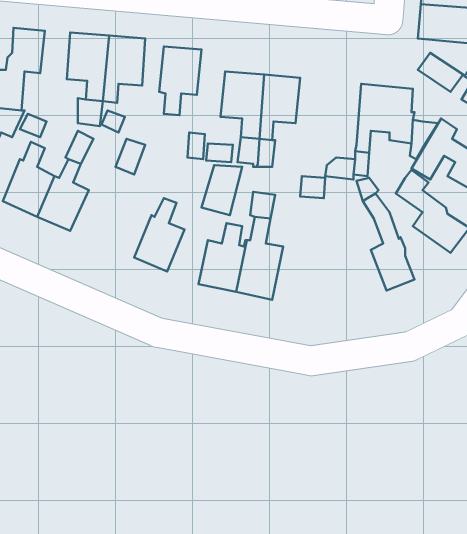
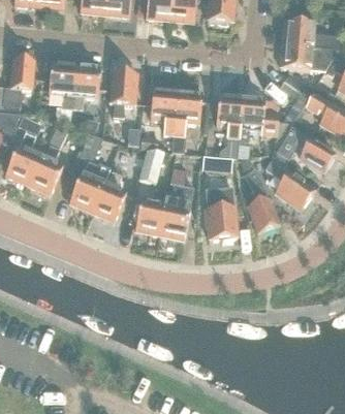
building: none -> [216,94,243,136]
building: none -> [69,161,104,211]
building: none -> [206,187,238,240]

